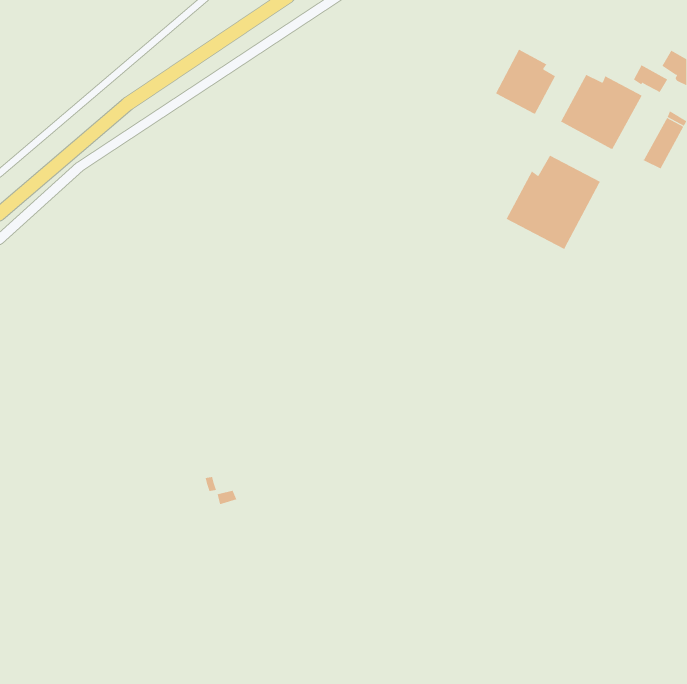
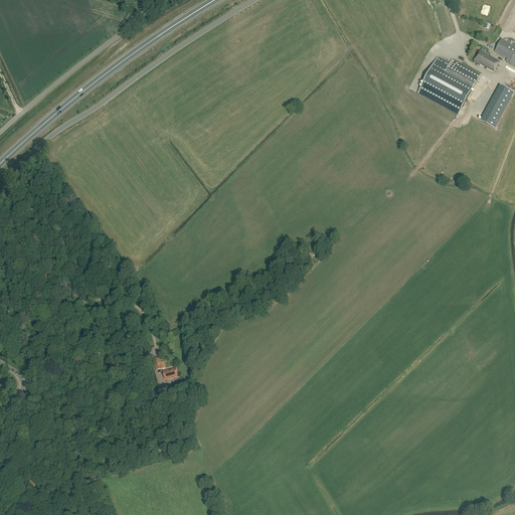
building: [495,49,556,115] -> none
building: [506,155,601,251] -> none

